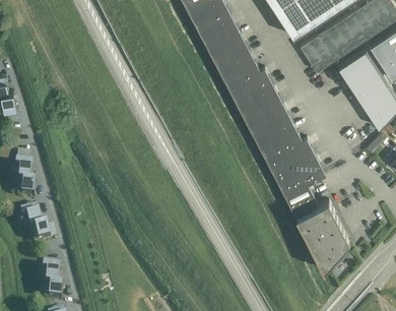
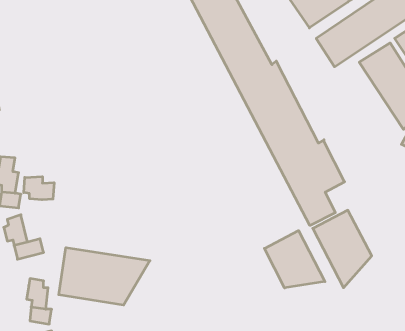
building: none -> [24,177,54,200]
building: none -> [264,231,325,288]
building: none -> [59,248,150,305]

